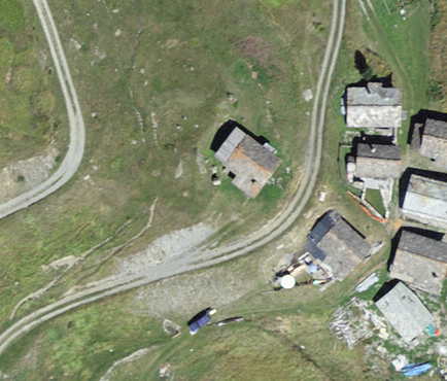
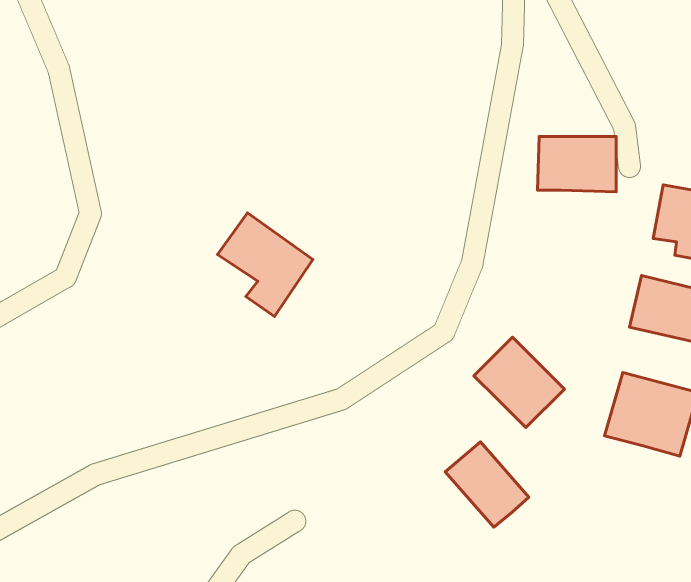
building: [217,129,276,193] -> [218,213,313,316]
building: [357,144,396,172] -> none
building: [377,283,428,336] -> [445,442,529,527]

